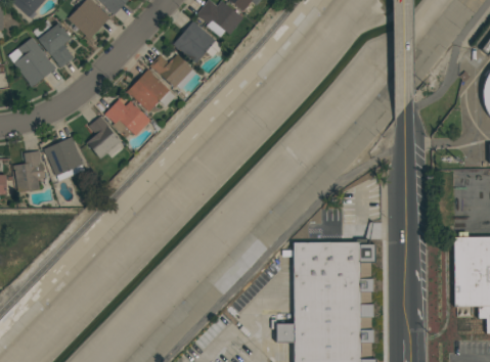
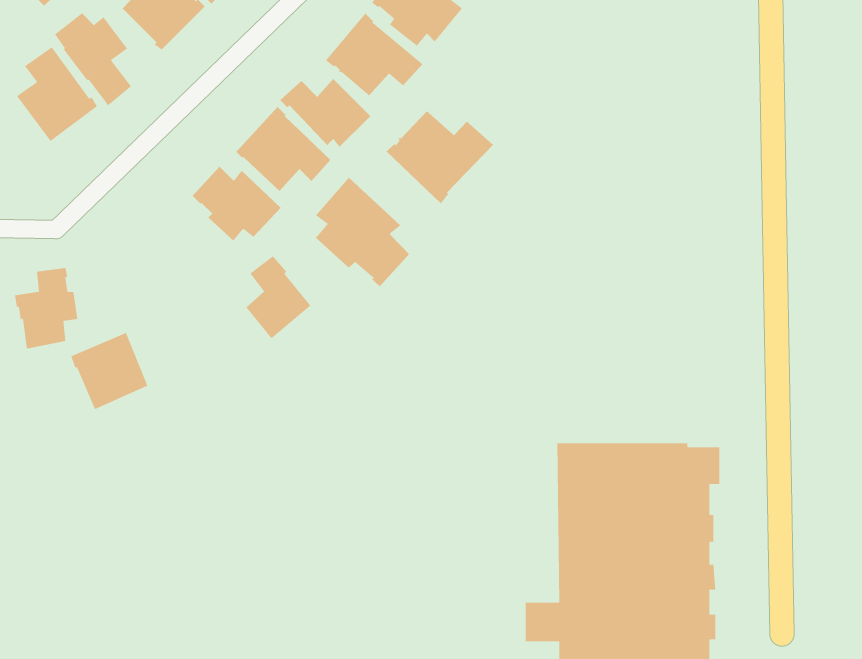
building: none -> [386,111,494,204]
building: none -> [315,177,410,287]
building: [87,117,121,160] -> [245,256,311,339]
building: [44,137,84,177] -> [71,332,148,410]

